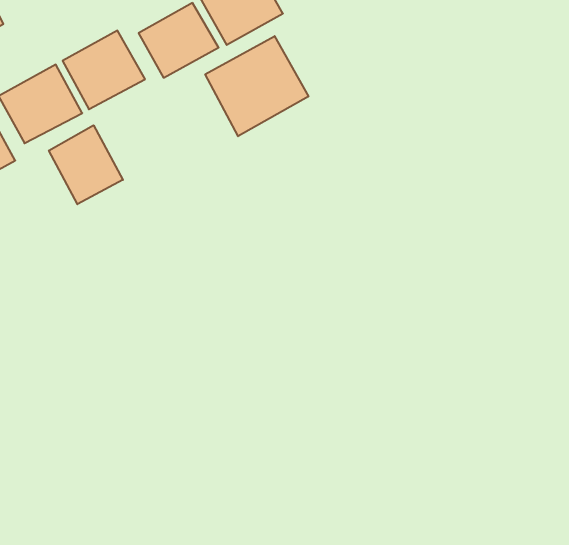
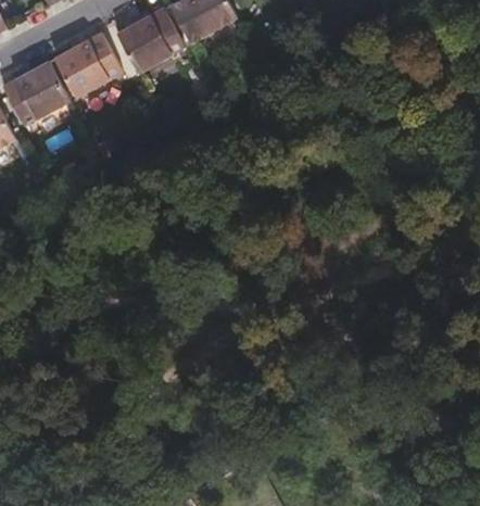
building: [205,36,308,136] -> none
building: [49,125,123,204] -> none

